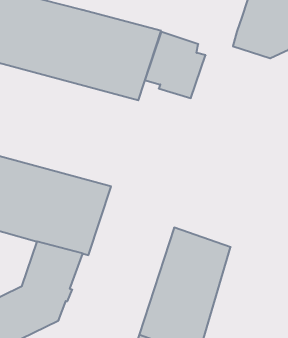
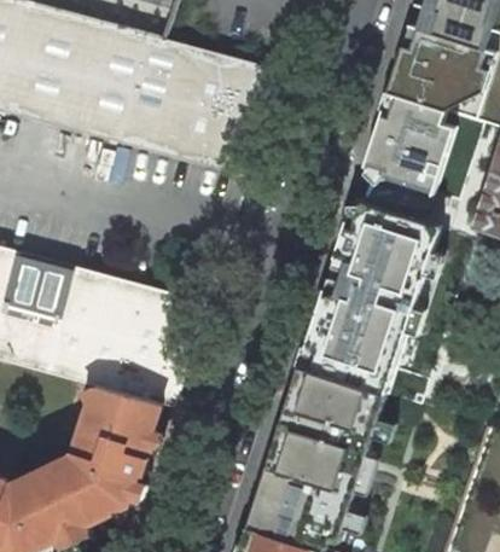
building: [145,32,206,98] -> [362,93,453,192]
building: none -> [298,201,437,394]

